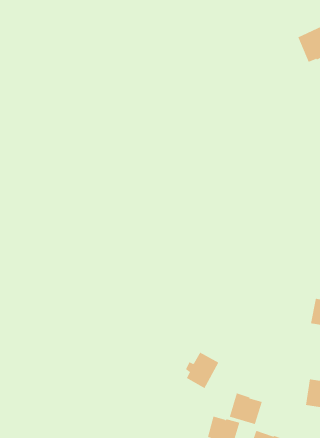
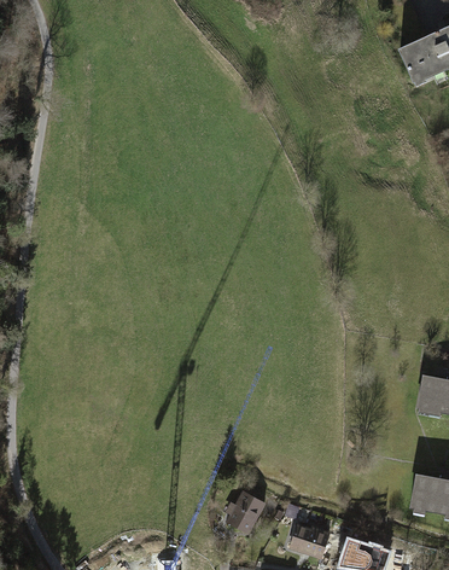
building: [185,352,219,389] -> [226,490,268,536]
building: [229,392,263,425] -> none

